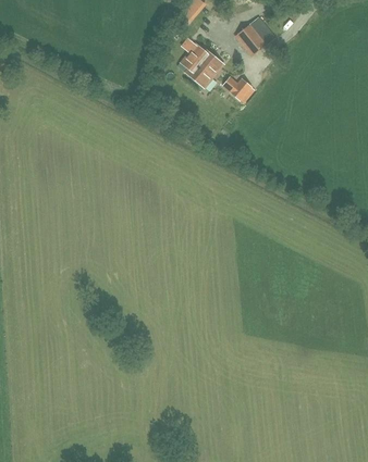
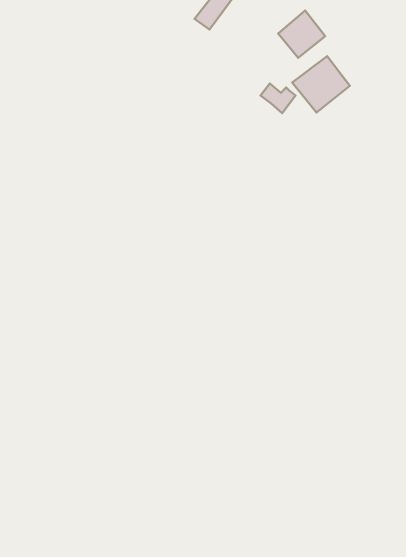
building: [181,45,223,87] -> none
building: none -> [292,56,350,112]

